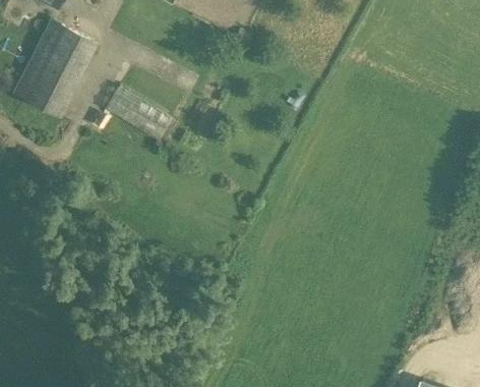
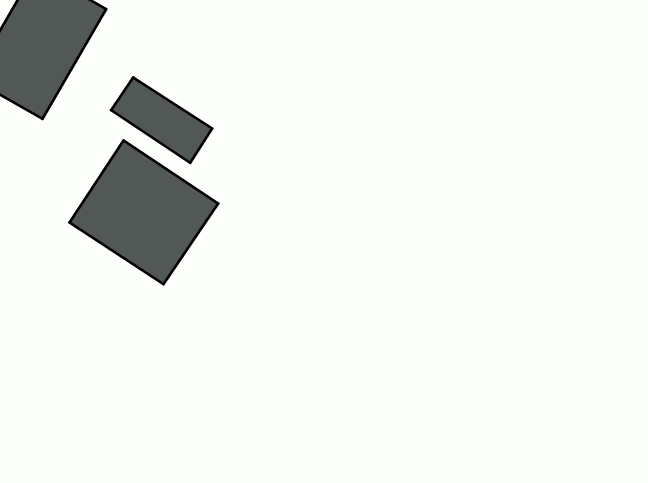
building: none -> [70,140,218,284]

